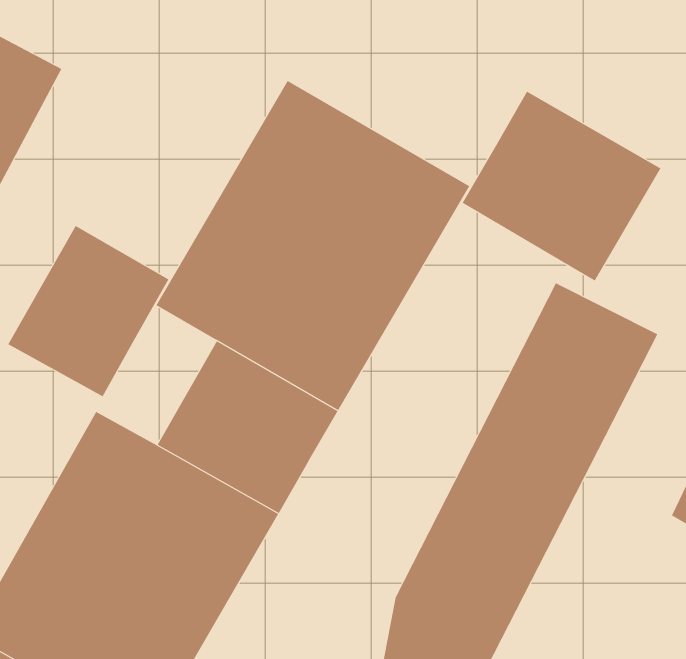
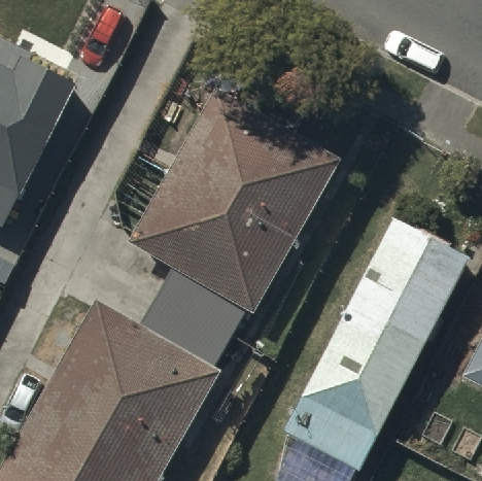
building: [462,91,661,282] -> none
building: [8,225,169,397] -> none

